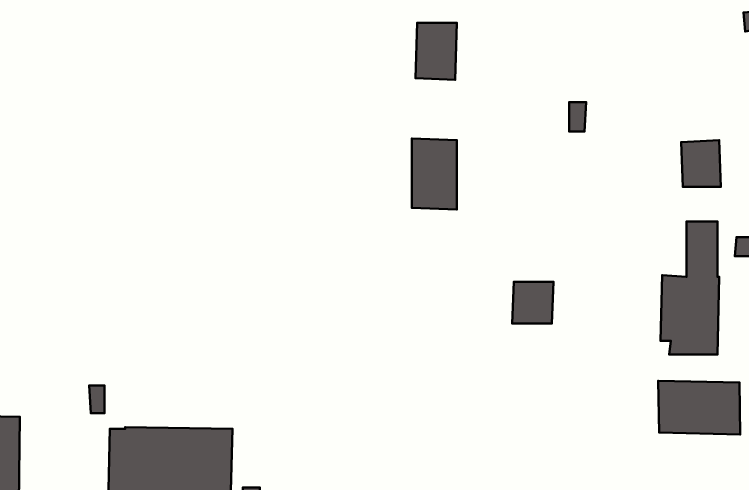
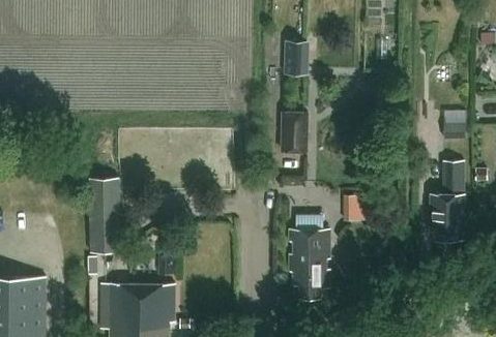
building: none -> [90,178,121,253]
building: none -> [288,229,328,299]
building: [658,381,740,434] -> none

